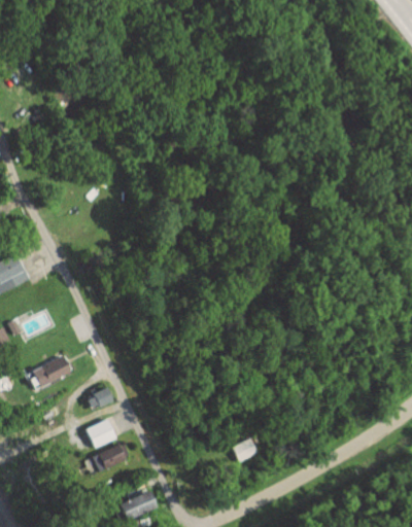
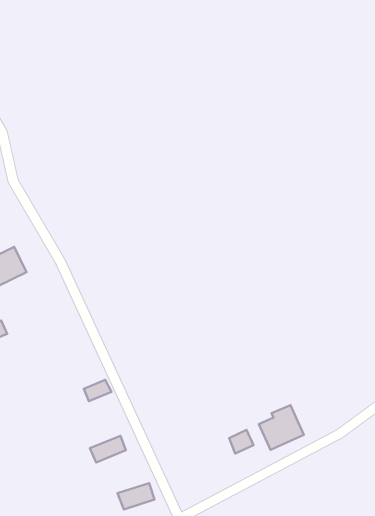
building: [34,356,71,384] -> none
building: none -> [259,405,304,450]
building: [85,418,116,448] -> none

